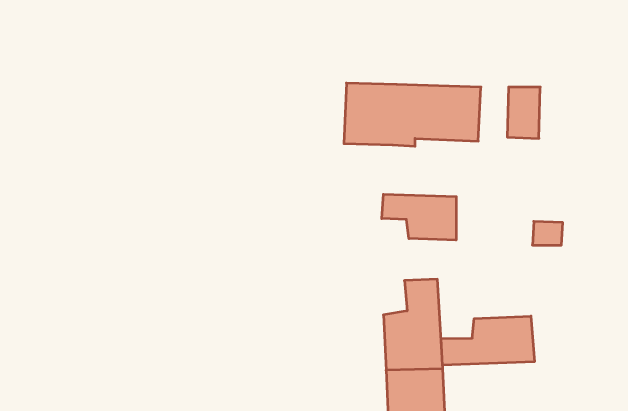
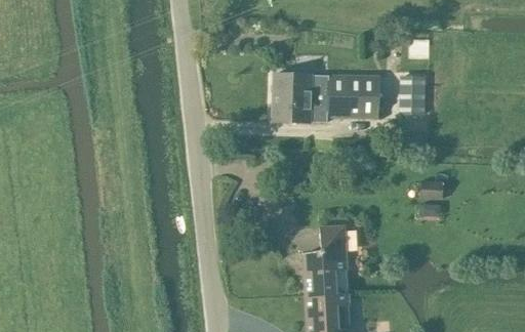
building: [382,194,456,240] -> none
building: [441,316,534,365] -> none

